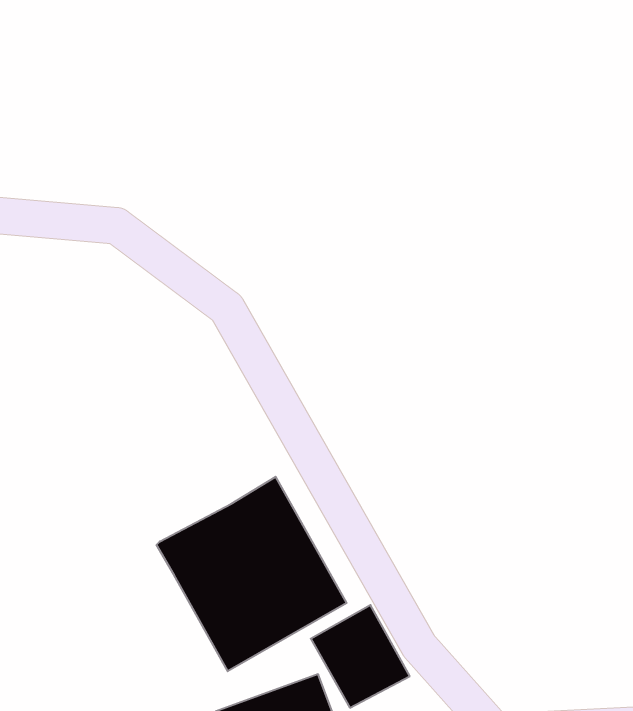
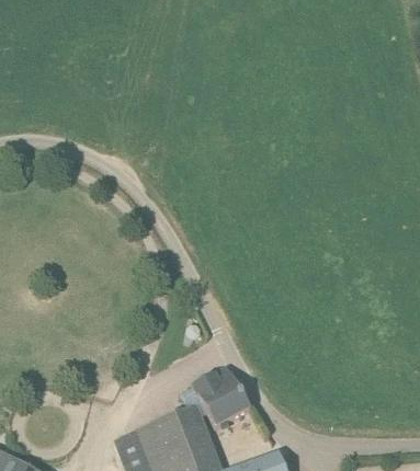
building: [157,477,347,671] -> none

